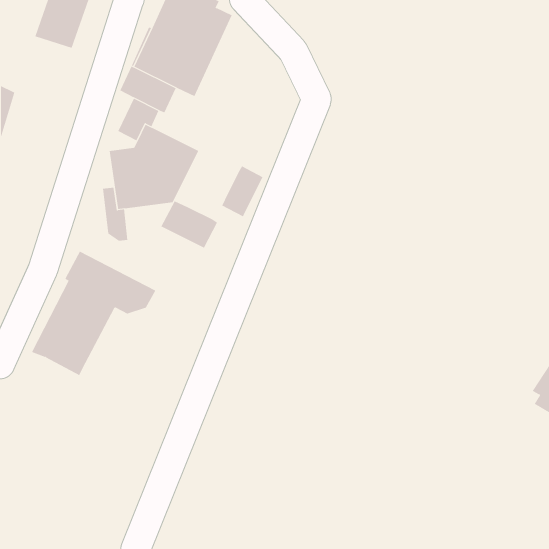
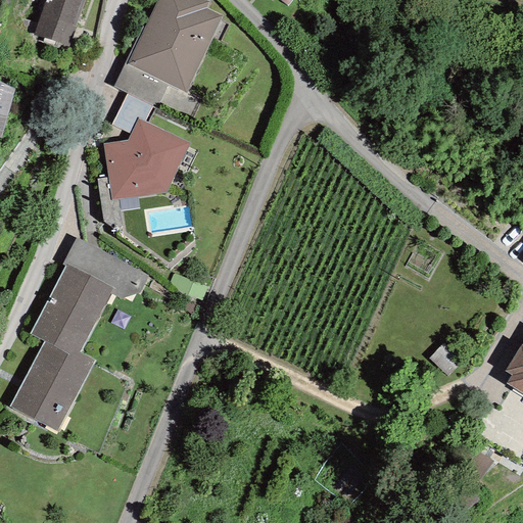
building: [222,166,263,217] -> none
building: [161,200,218,249] -> none
building: none -> [9,339,97,432]

